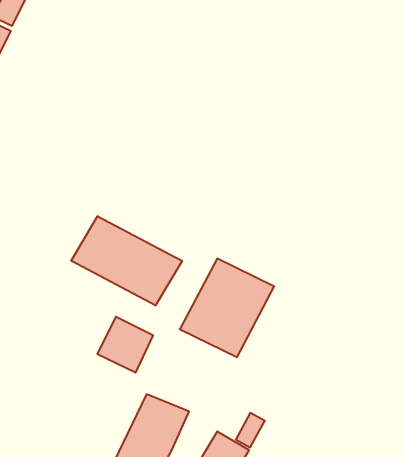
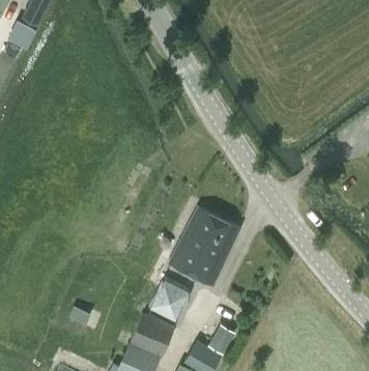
building: [71,216,182,306] -> none
building: [97,317,153,373] -> [148,277,192,320]

